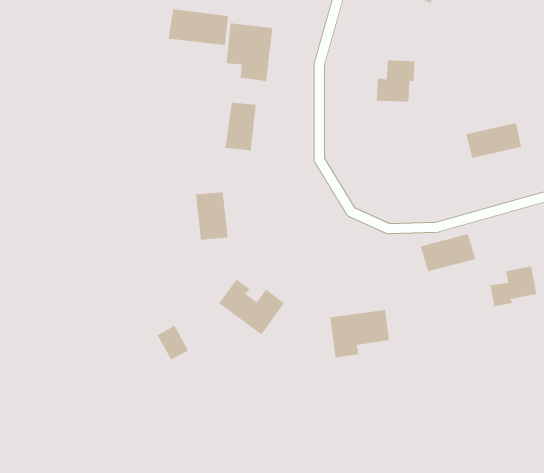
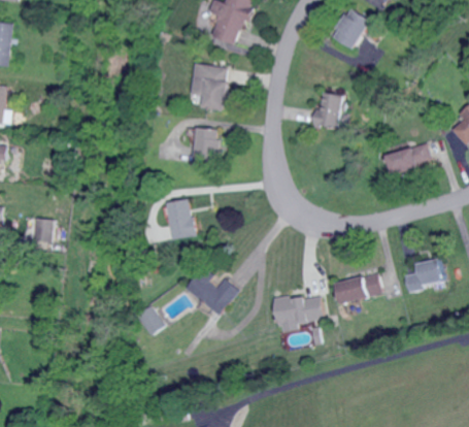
building: [168,8,229,46] -> none
building: none -> [32,218,54,241]
building: [420,233,476,272] -> [336,272,381,303]

